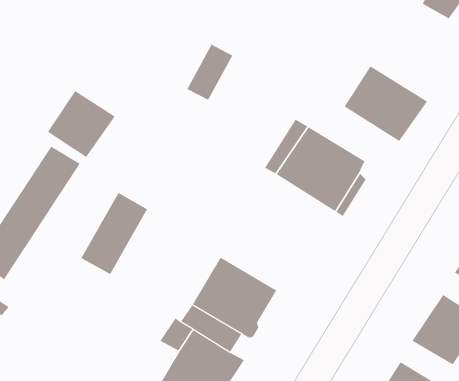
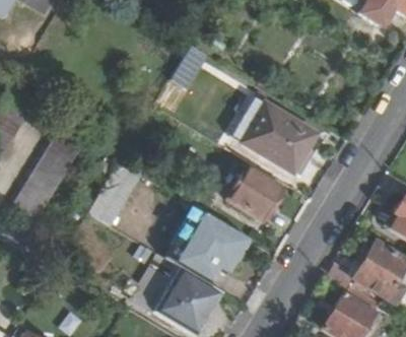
building: [344,66,428,142] -> none
building: [47,90,116,158] -> none
building: none -> [229,166,282,218]

